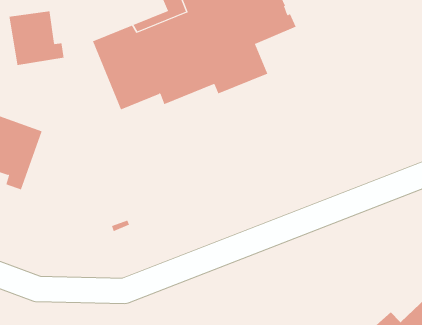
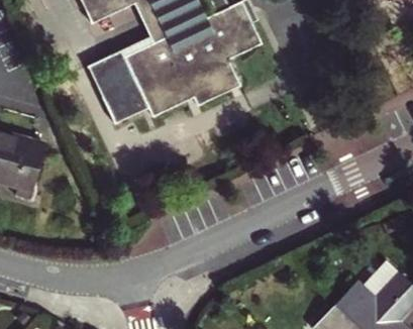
building: [9,11,64,66] -> none

